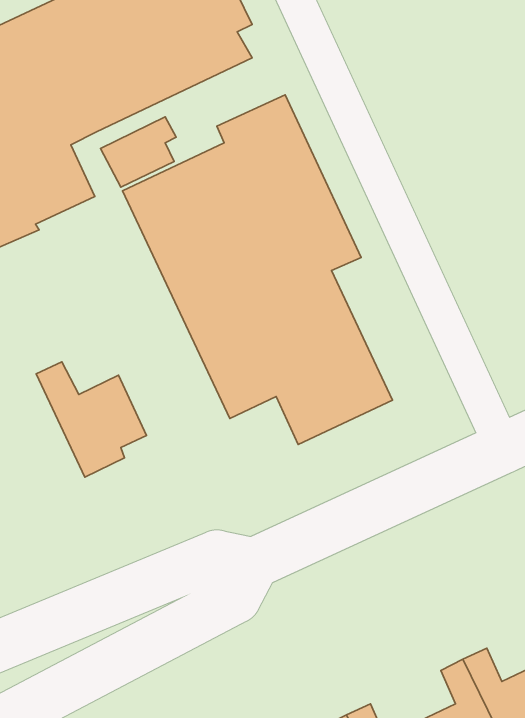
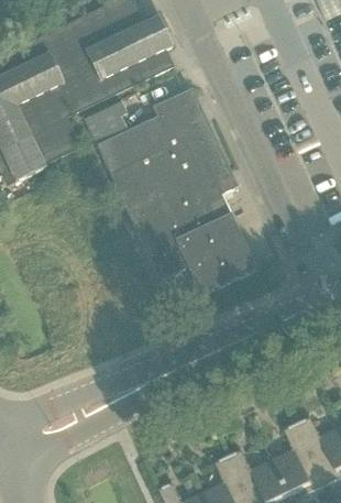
building: [36,362,147,477] -> none

